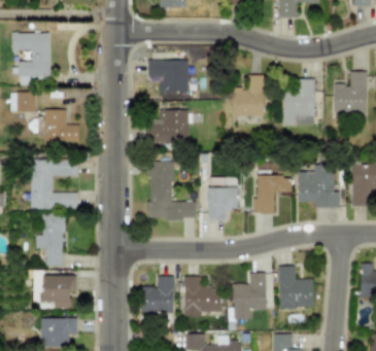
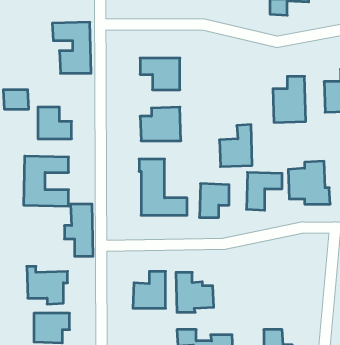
building: [11,32,50,83] -> [52,22,91,73]
building: [231,74,264,116] -> [219,125,252,167]
building: [36,213,65,266] -> [64,204,93,256]
building: [278,266,313,308] -> none
building: [234,272,267,319] -> none

